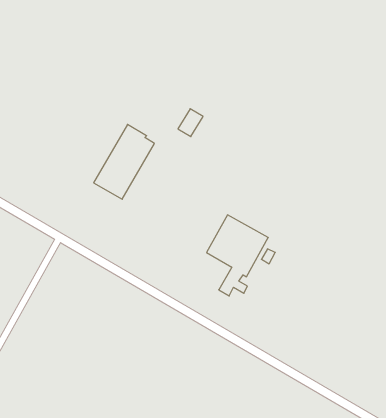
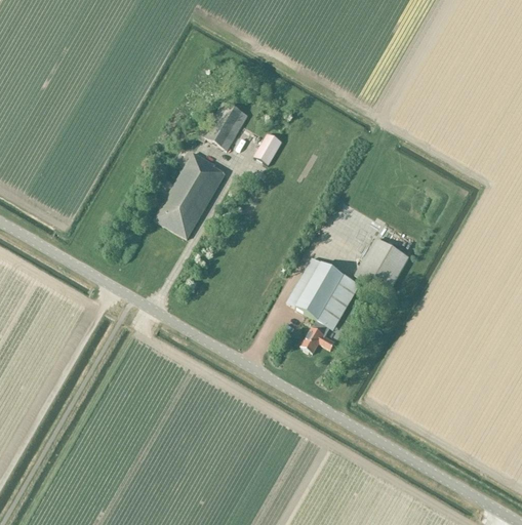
building: none -> [203,100,248,150]
building: none -> [355,238,409,294]

